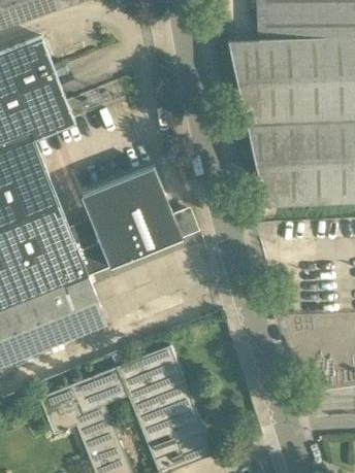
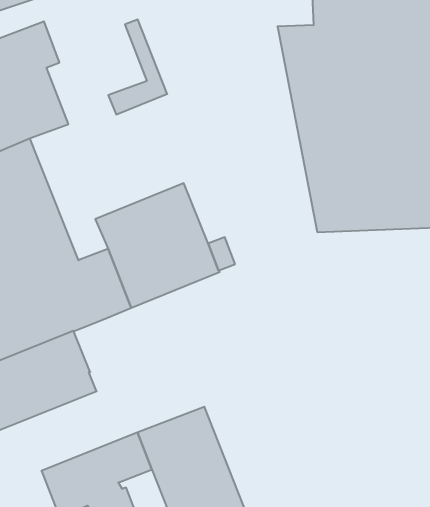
building: [30,69,77,145] -> [108,19,167,114]
building: [65,275,101,317] -> none

